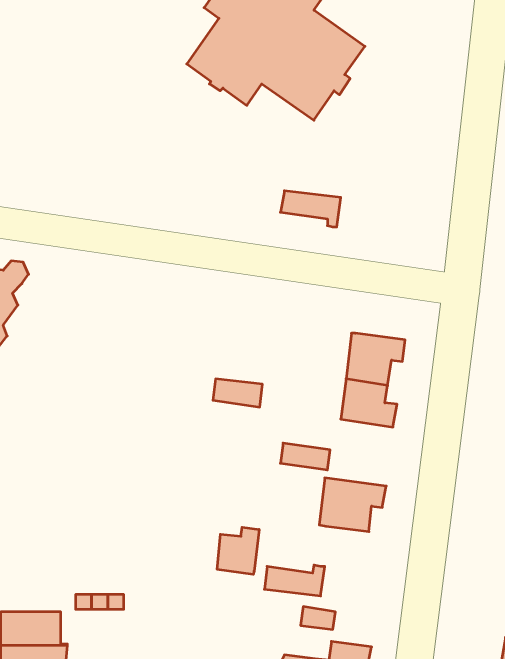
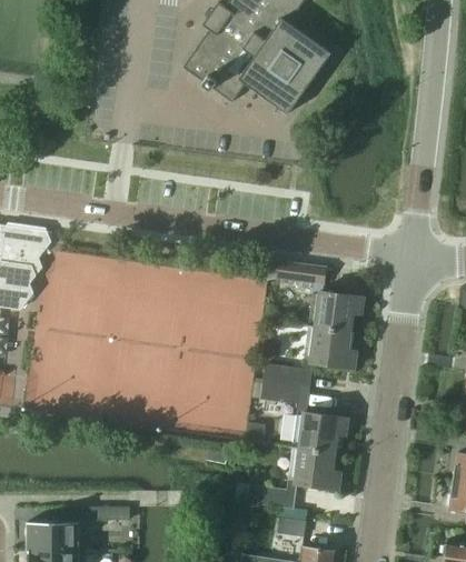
building: [280,191,341,227] -> [276,261,326,291]
building: [213,379,262,407] -> [262,364,304,388]
building: none -> [294,451,340,490]
building: [217,527,259,574] -> none

